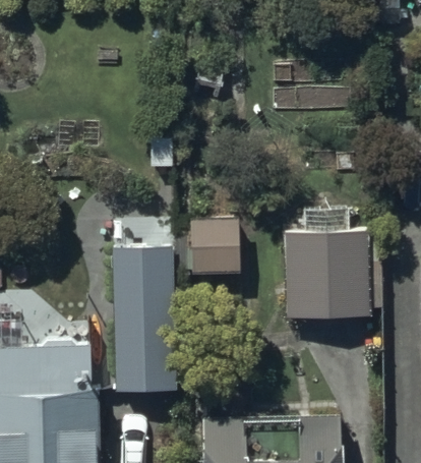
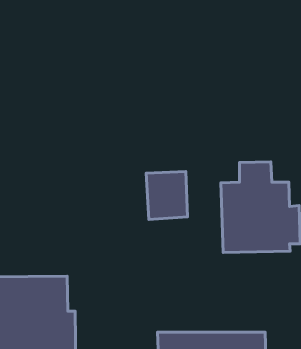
building: [113,246,177,394] -> none

